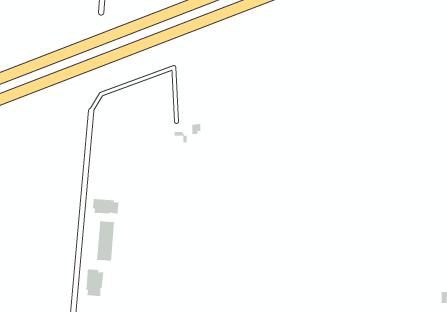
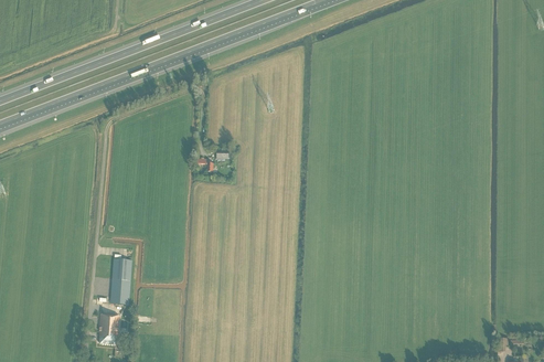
building: [92,198,119,214] -> none

